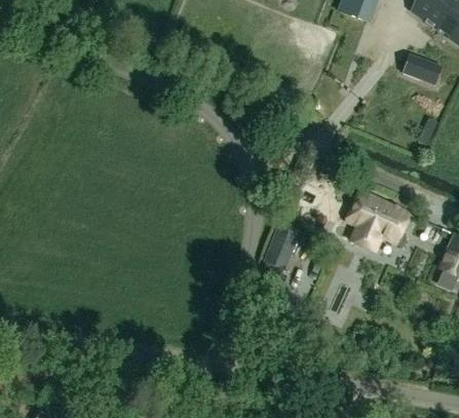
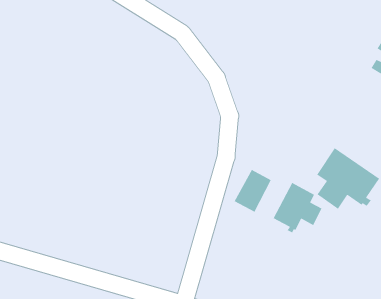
building: none -> [272,182,323,233]

